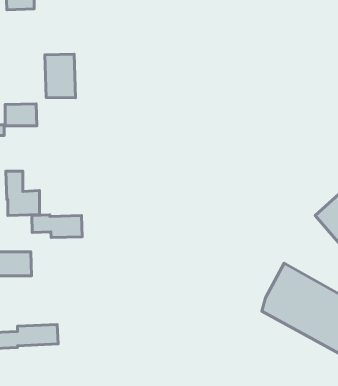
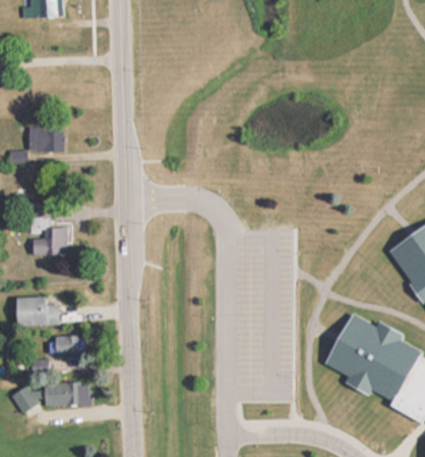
building: [45,54,75,98] -> none
building: [32,215,82,238] -> none
building: none -> [55,336,84,355]

